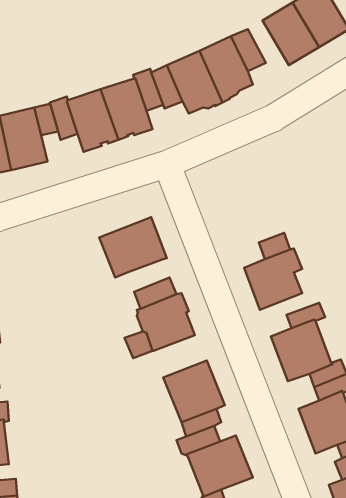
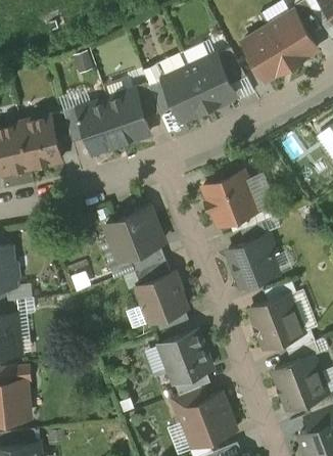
building: none -> [202,173,258,227]
building: none -> [129,245,164,273]

